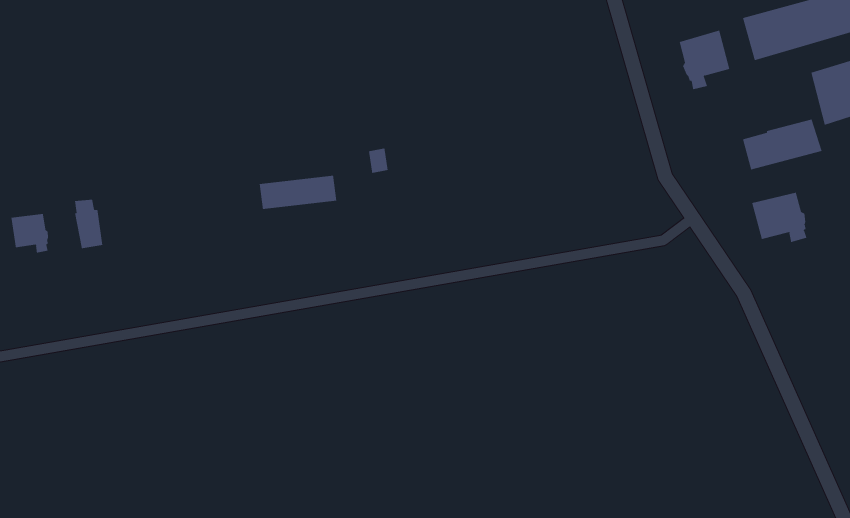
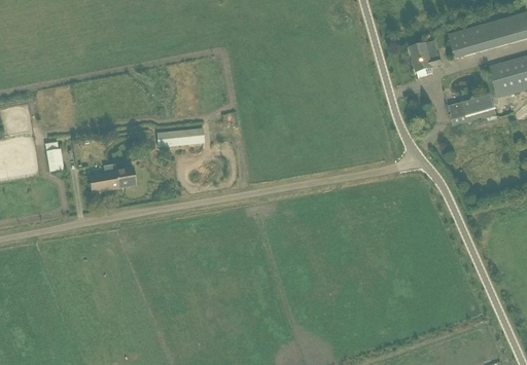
building: [752,192,807,243] -> none
building: [11,213,48,254] -> none
building: none -> [87,168,136,192]

